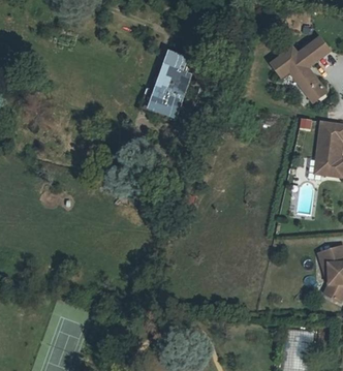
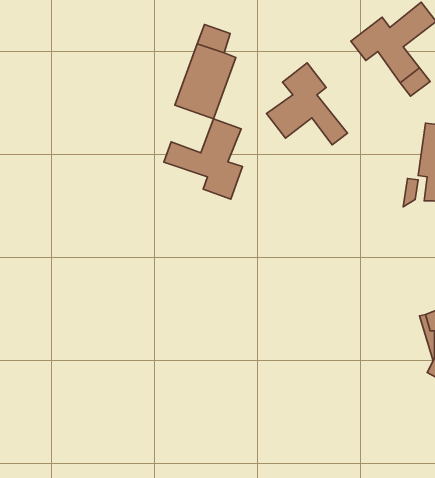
building: none -> [266,63,348,145]
building: none -> [164,119,242,199]

